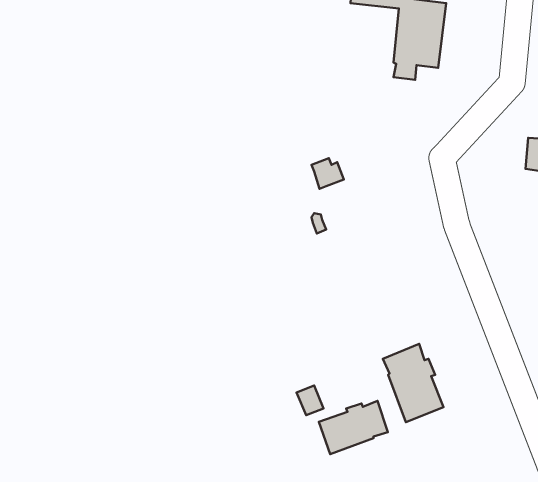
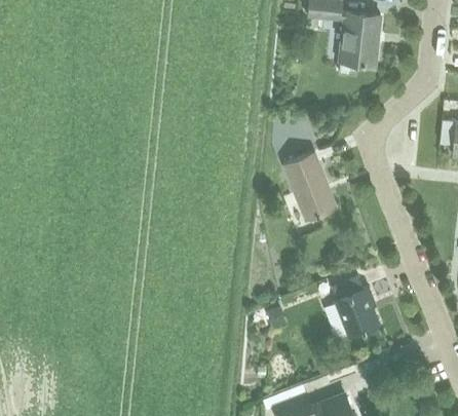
building: none -> [282,152,336,222]
building: [319,401,388,454] -> none

